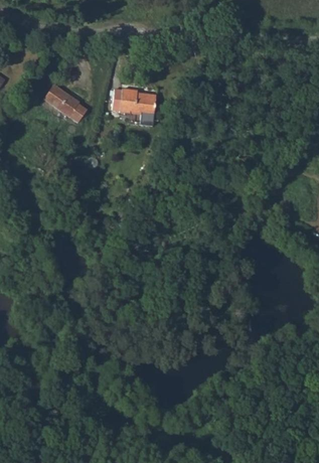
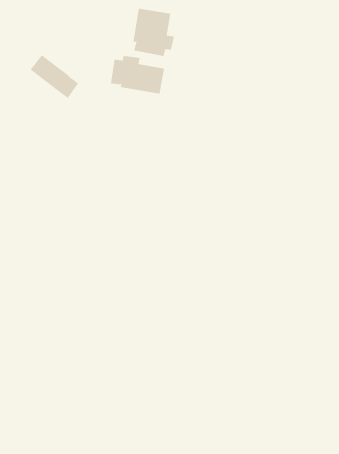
building: none -> [133,8,175,57]

